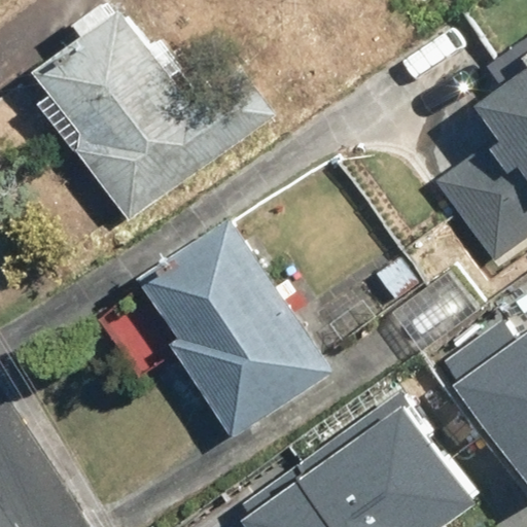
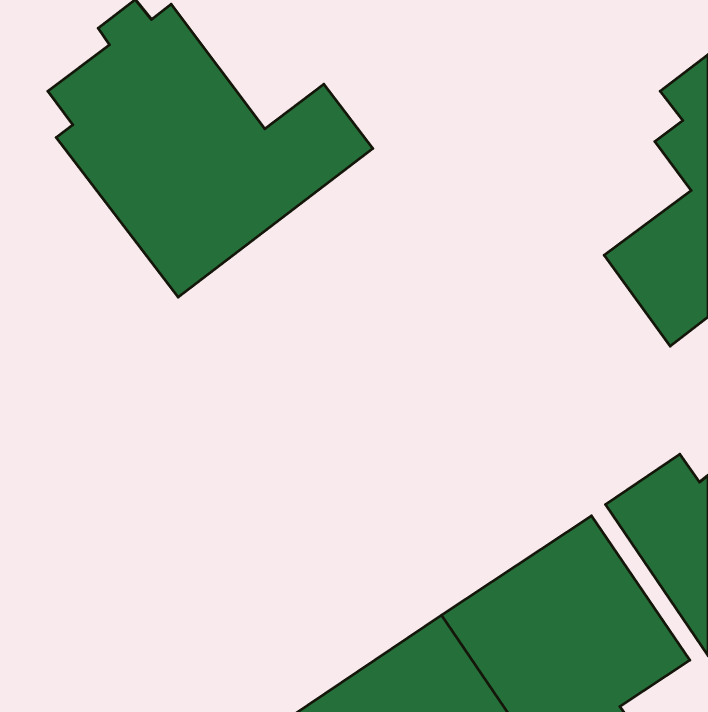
building: [146,243,335,440] -> none

